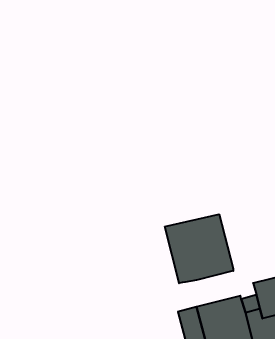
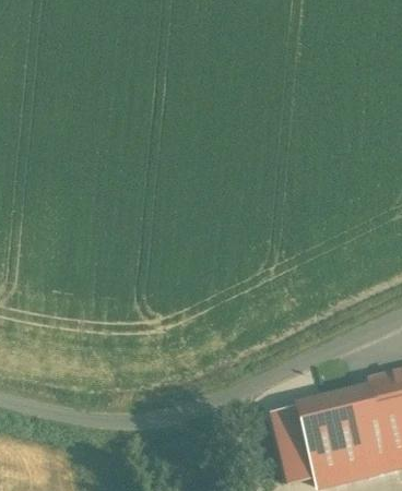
building: [165,214,233,283] -> none

